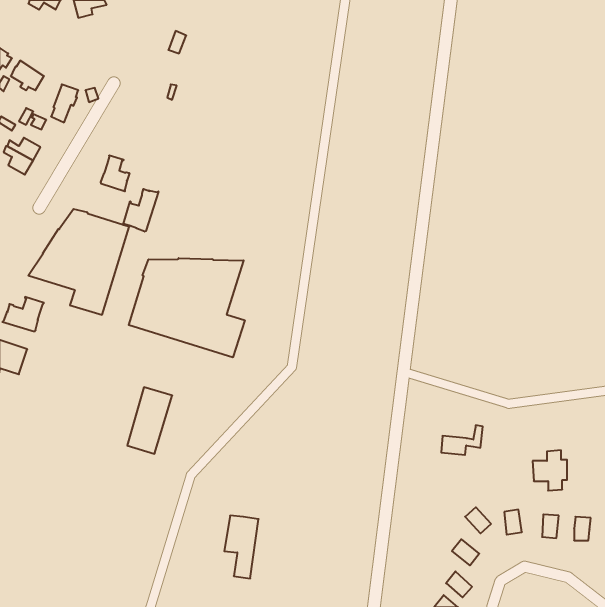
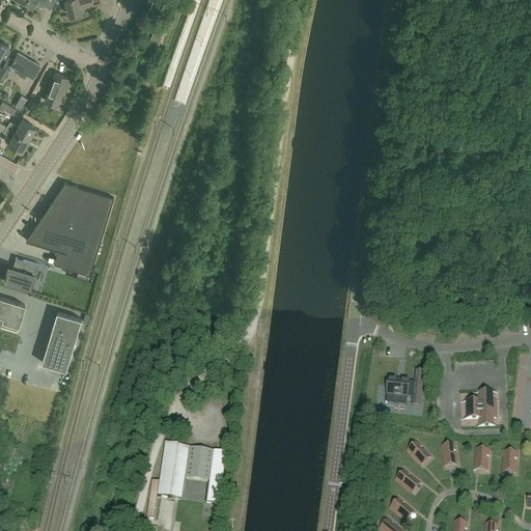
building: [101,155,129,191] -> none
building: [123,189,158,232] -> none
building: [129,258,245,357] -> none
building: [127,387,172,454] -> [41,311,81,369]
building: none -> [157,444,201,500]

